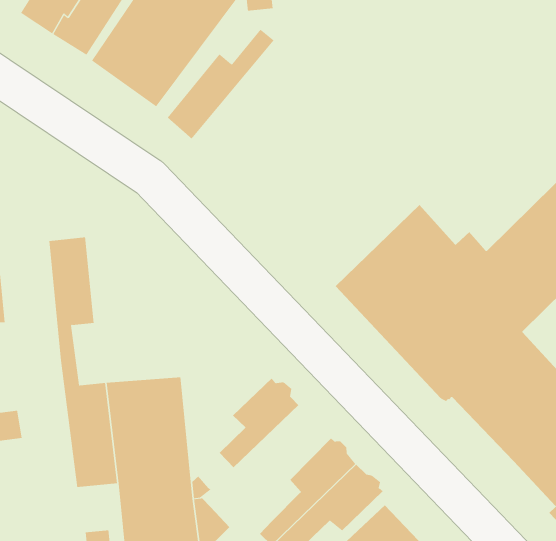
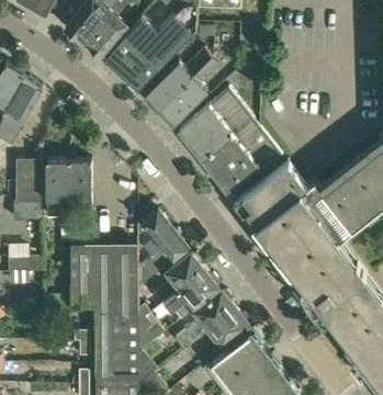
building: none -> [158,57,219,124]
building: none -> [177,89,282,193]
building: none -> [46,160,69,230]
building: none -> [143,212,187,284]
building: none -> [164,270,218,313]

